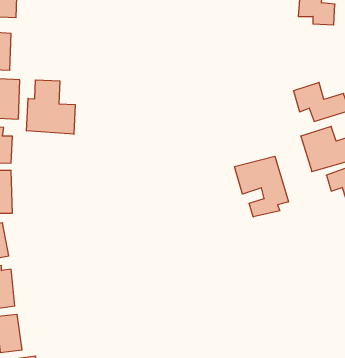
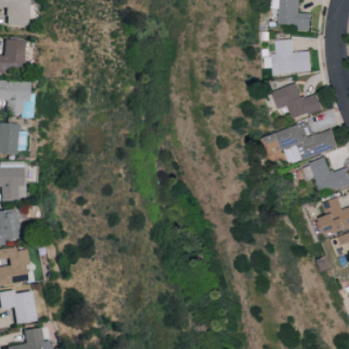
building: none -> [274,39,312,73]
building: [27,80,75,134] -> none
building: [235,156,289,217] -> none

